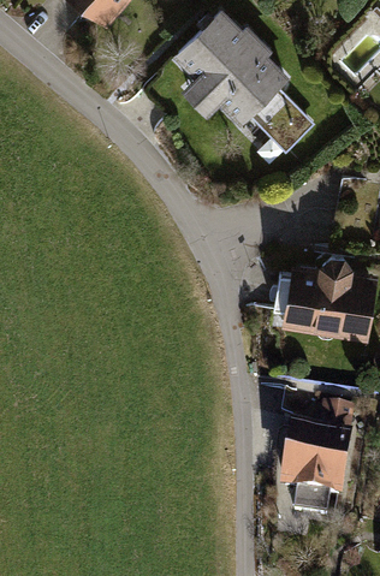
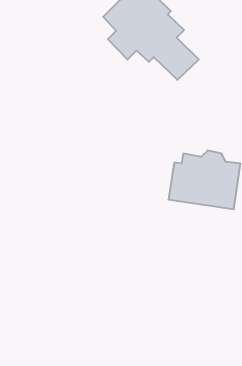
building: [284,403,355,519] -> none

